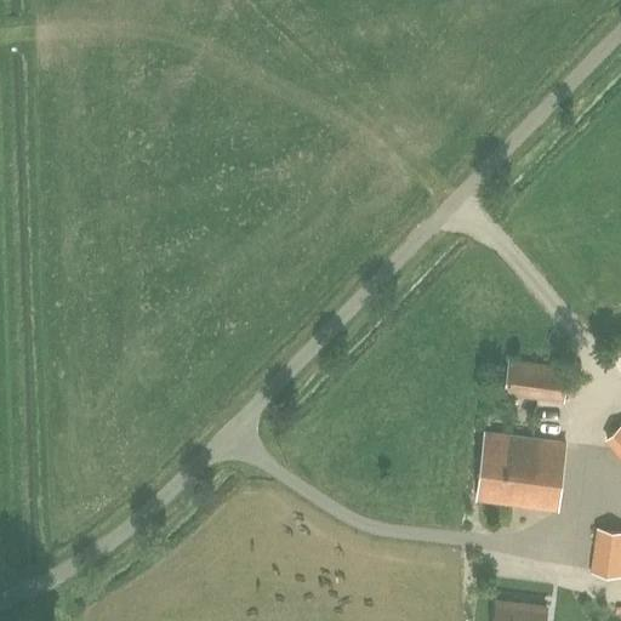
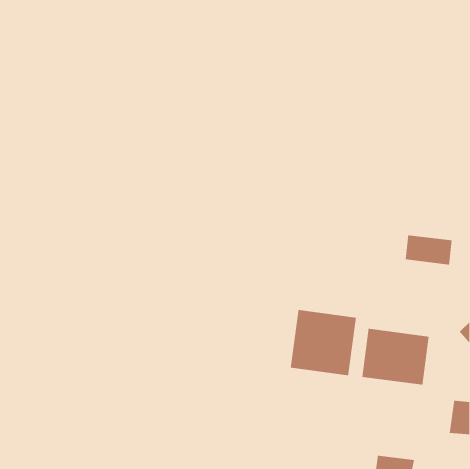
building: [505,361,568,401] -> [405,235,453,265]
building: none -> [290,309,356,376]

